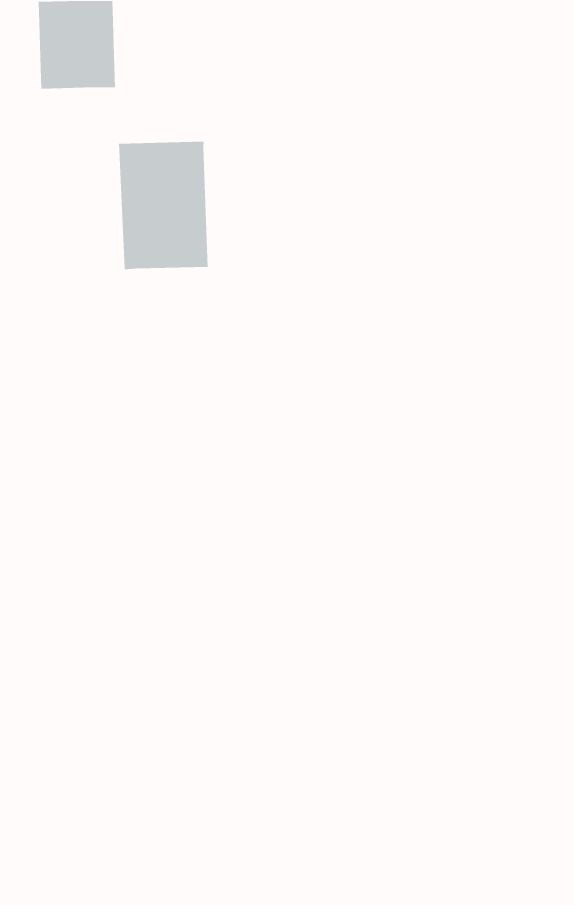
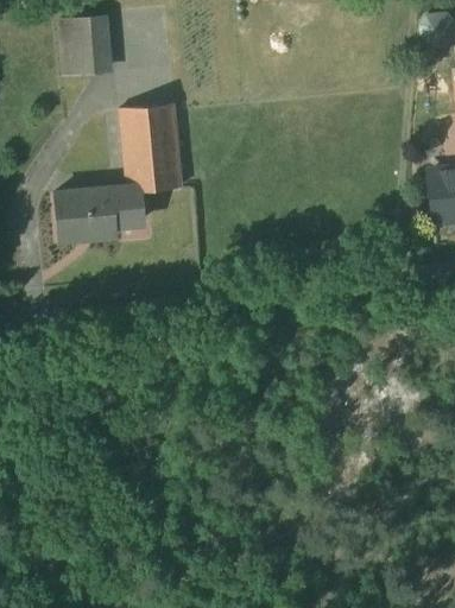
building: none -> [52,188,137,242]

